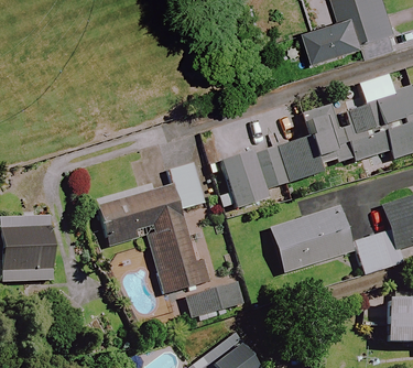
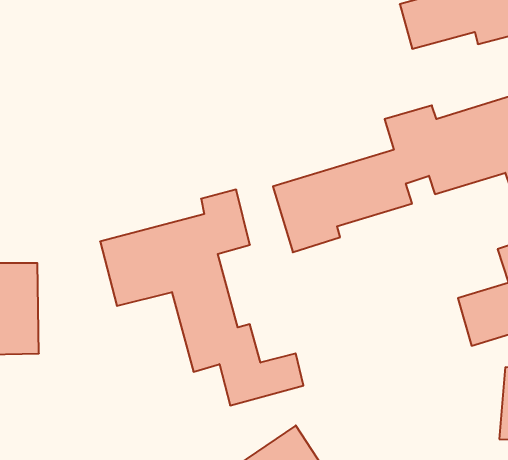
building: [271,206,354,272] -> none

